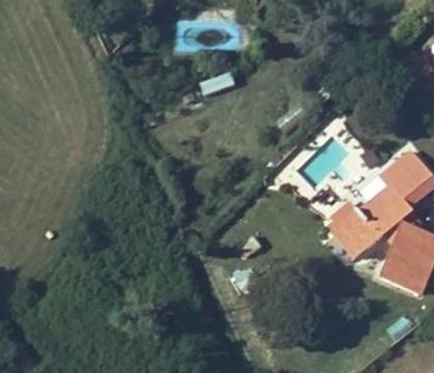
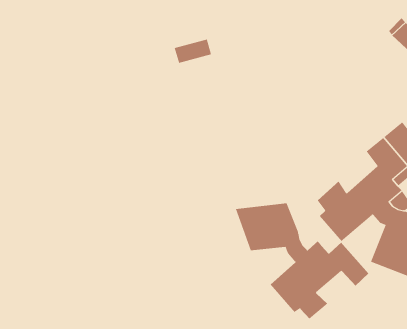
building: none -> [235,203,369,319]

